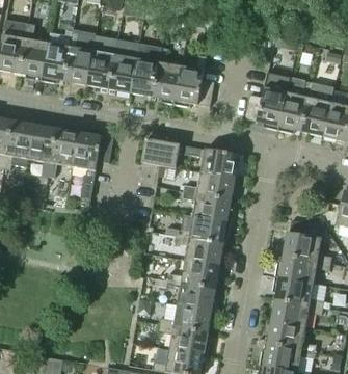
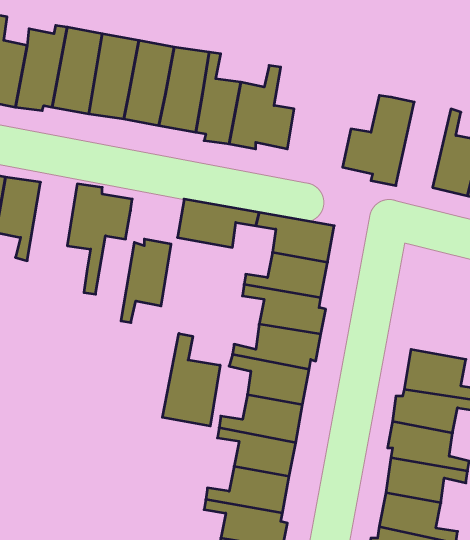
building: [277,78,312,134] -> none
building: [48,126,79,178] -> [121,239,171,323]
building: none -> [162,333,220,426]

